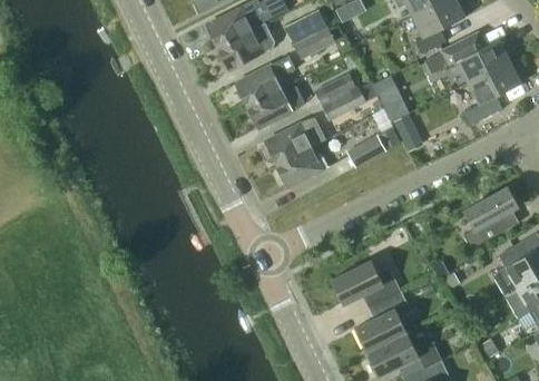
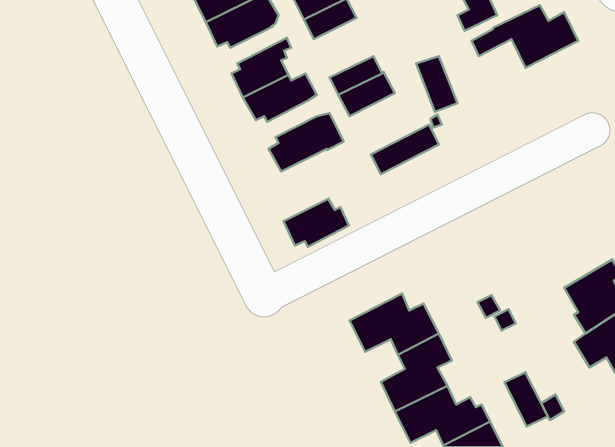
building: [462,61,520,126] -> none
building: [276,146,327,184] -> [284,199,349,247]
building: [462,186,518,248] -> none
building: none -> [504,372,548,426]

